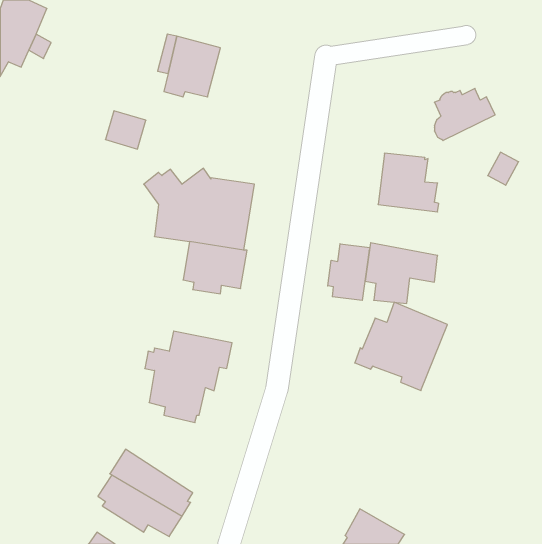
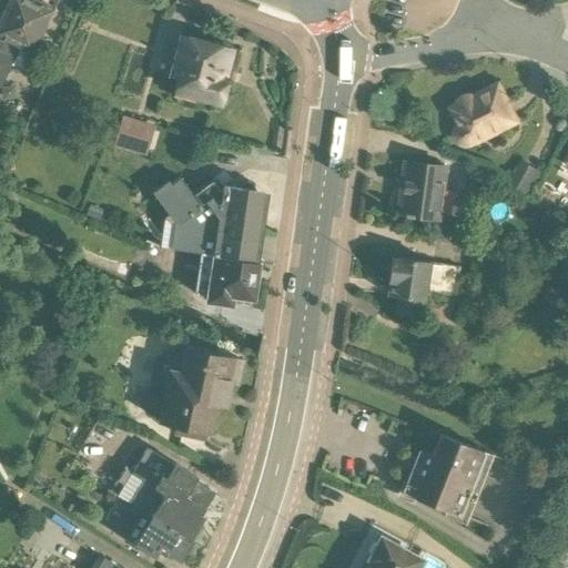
building: [328,244,370,300] -> none
building: [355,302,447,391] -> [395,430,491,523]
building: none -> [133,446,213,511]

